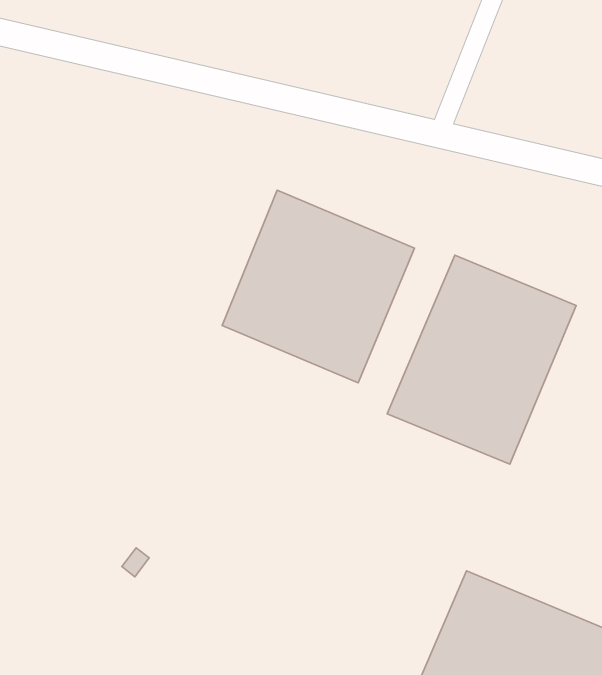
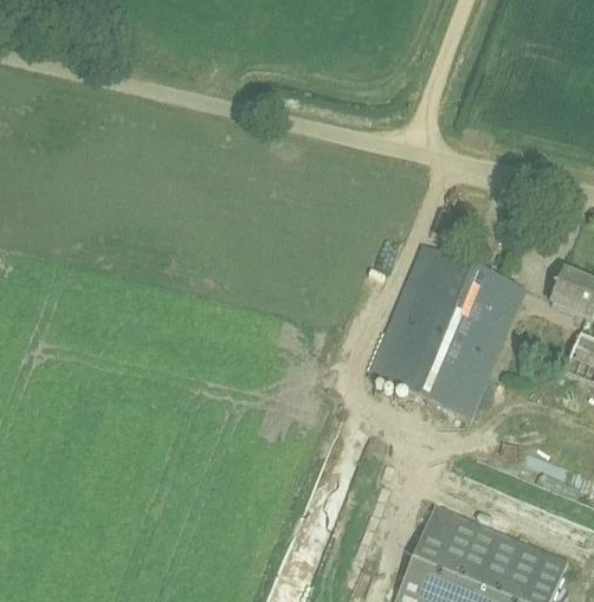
building: [222,190,414,383] -> none

